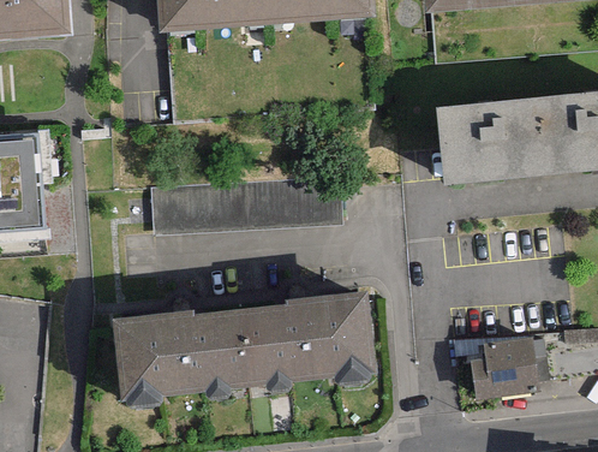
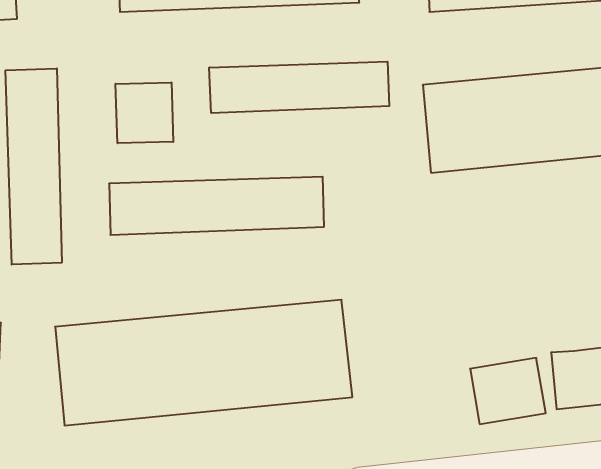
building: none -> [209,62,389,113]
building: none -> [6,68,62,265]
building: none -> [116,82,173,143]

